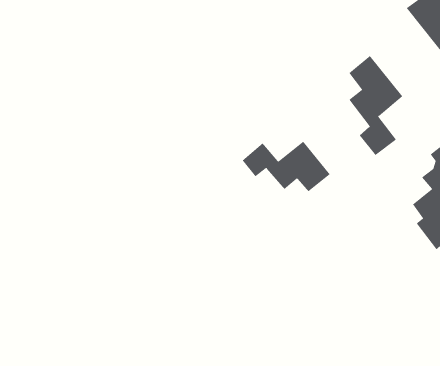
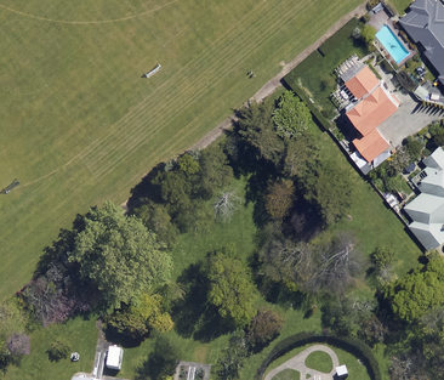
building: [242,141,330,192] -> none

